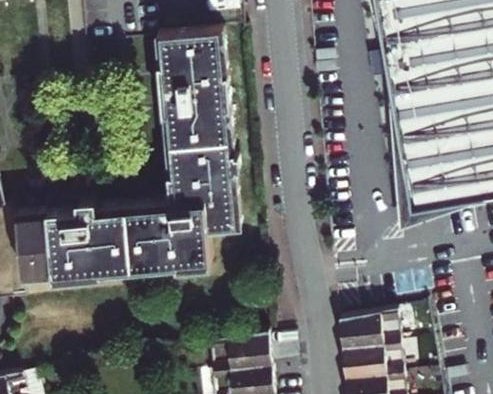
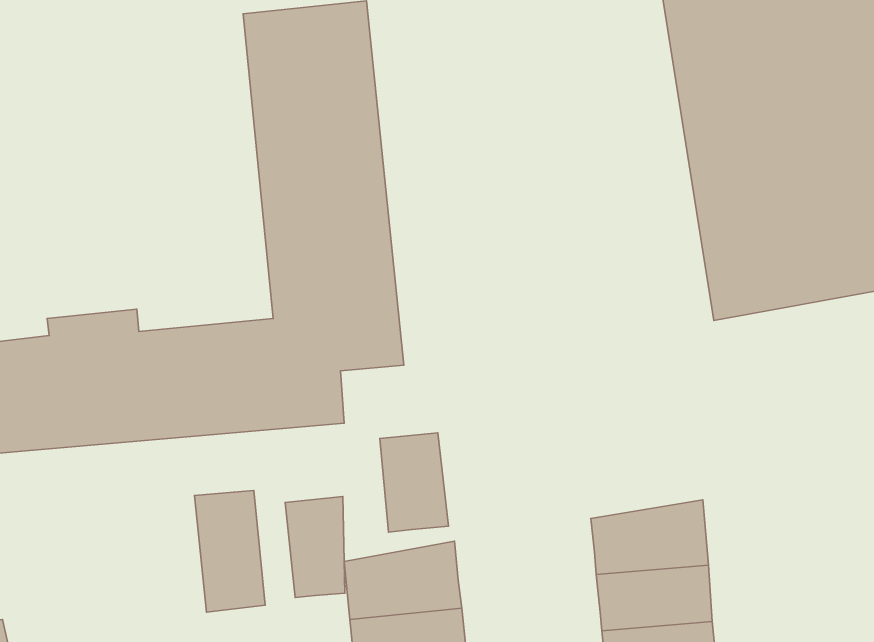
building: none -> [380,433,448,532]
building: none -> [195,490,265,612]
building: none -> [285,497,345,598]

